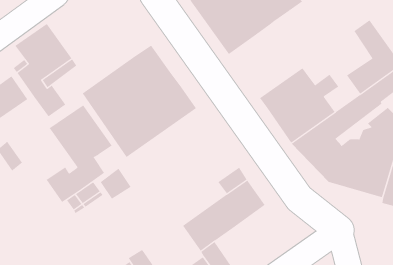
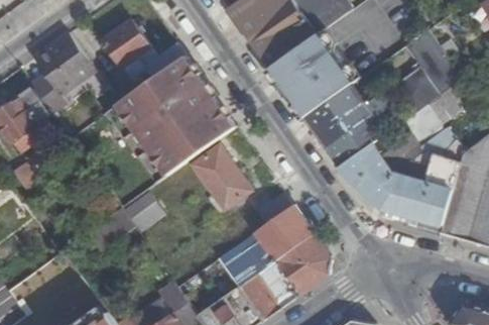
building: none -> [103,20,184,79]
building: none -> [269,29,355,115]
building: [46,104,113,203] -> none
building: none -> [192,145,248,208]
building: none -> [274,234,328,295]

